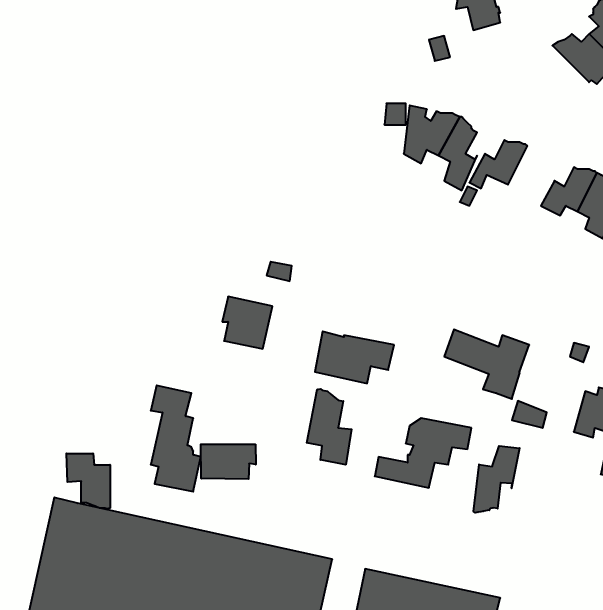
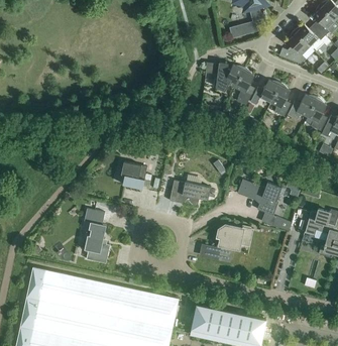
building: none -> [279,30,310,64]
building: none -> [270,83,291,117]
building: [307,389,352,465] -> none
building: [201,444,256,479] -> none
building: [474,446,520,513] -> none
building: [66,453,110,509] -> none

